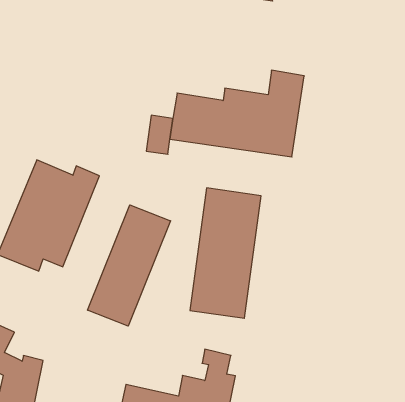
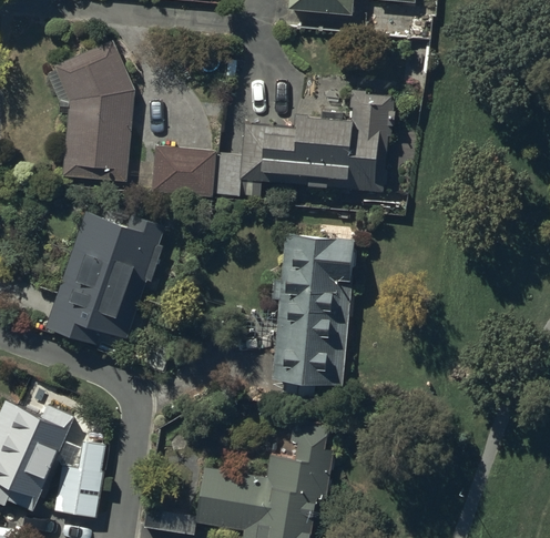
building: none -> [57,43,132,180]
building: none -> [153,149,216,195]
building: [88,205,171,326] -> none

